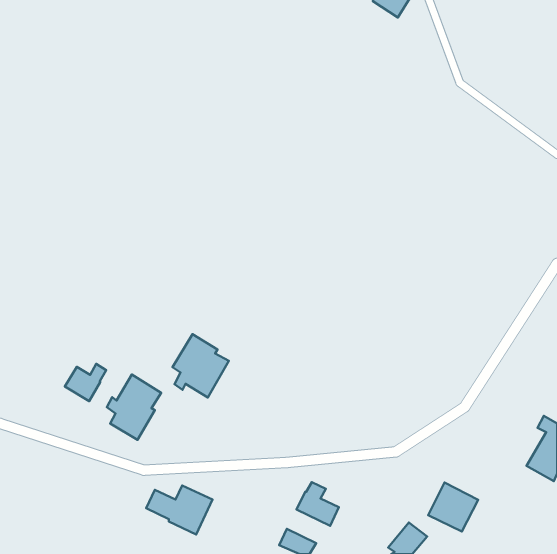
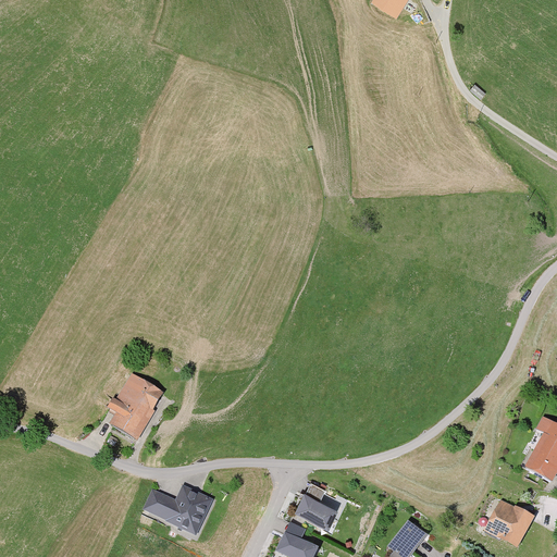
building: [172,334,229,398] -> none
building: [65,364,106,401] -> none
building: [428,482,478,531] -> [484,498,534,547]

